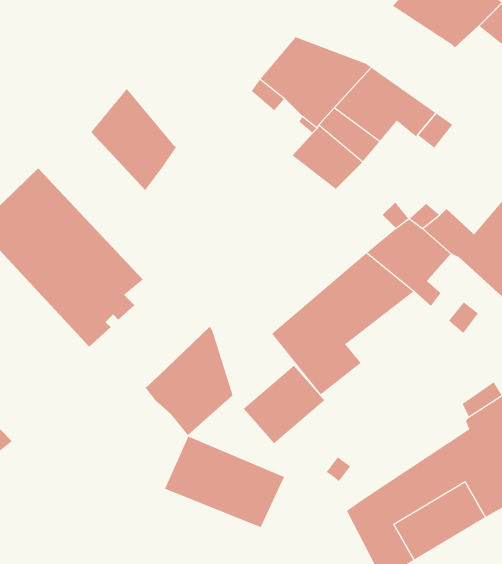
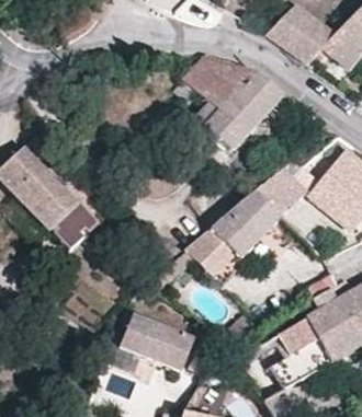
building: [90,88,177,191] -> none
building: [144,326,233,436] -> none
building: [243,365,325,444] -> none

